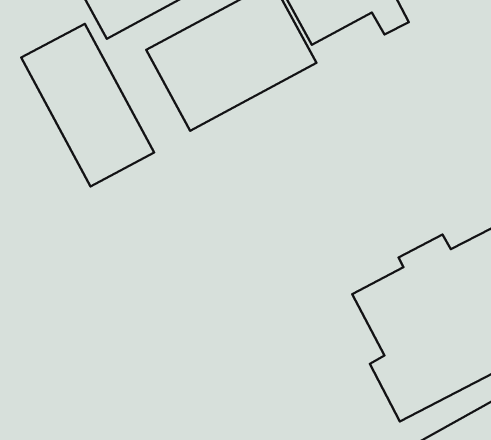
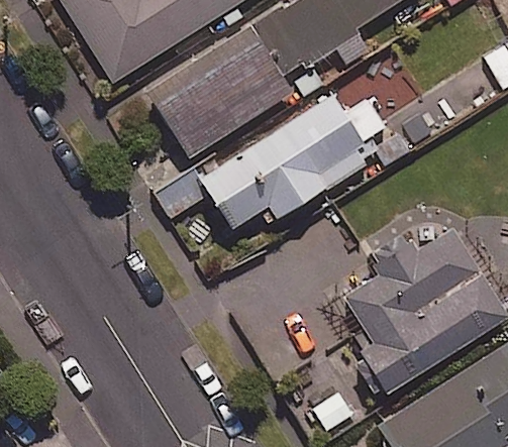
building: [21,24,154,186] -> none
building: none -> [202,95,386,227]

